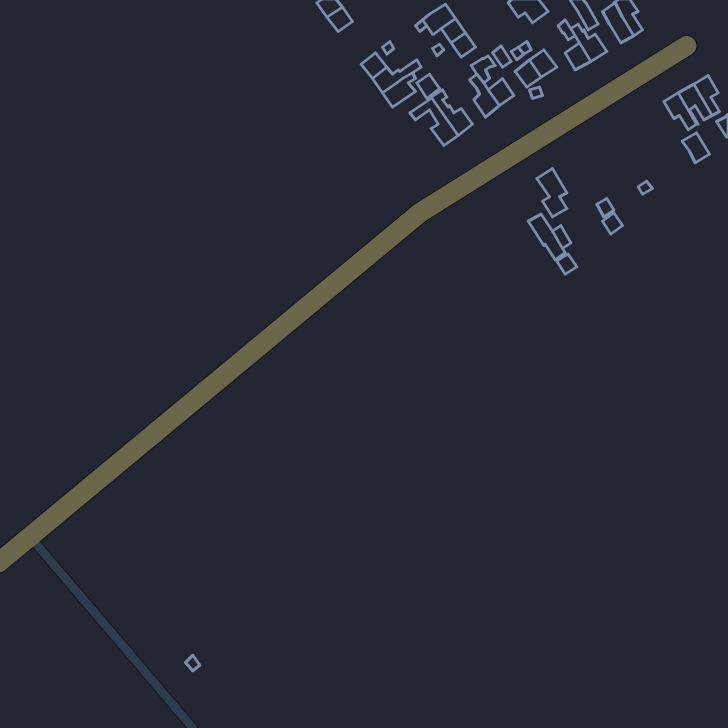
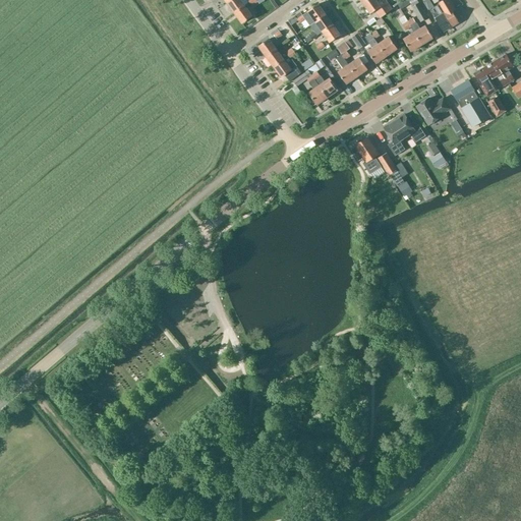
building: none -> [451,80,489,127]
building: none -> [416,97,449,123]
building: none -> [394,114,424,141]
building: none -> [350,137,381,173]

